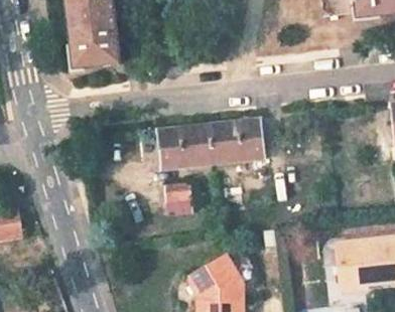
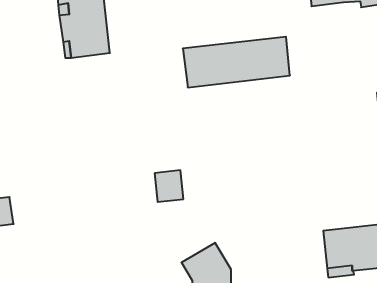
building: [156,117,265,168] -> [183,37,290,87]

